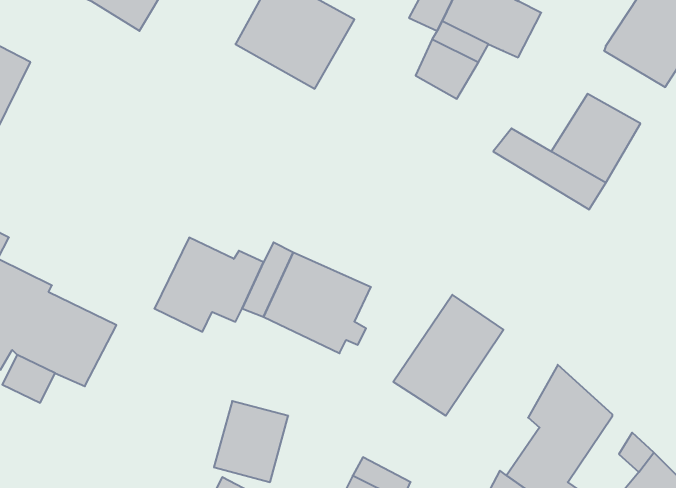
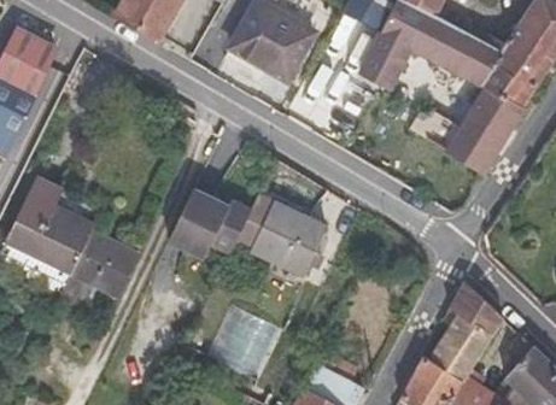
building: none -> [435,25,543,106]
building: [393,295,503,416] -> none

